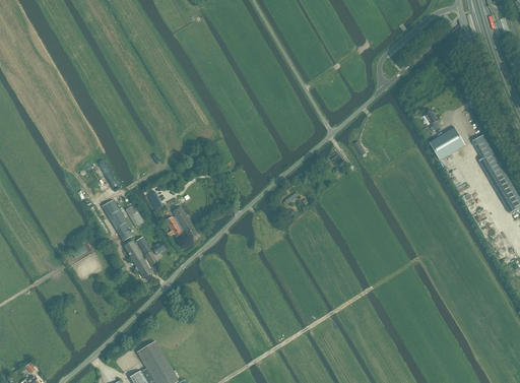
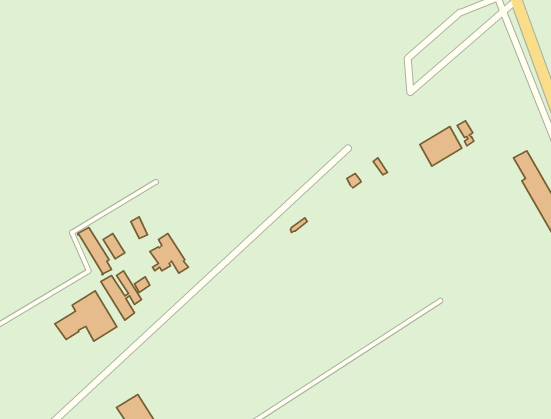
building: [430,126,465,159] -> [420,126,462,166]
building: none -> [55,291,117,341]

